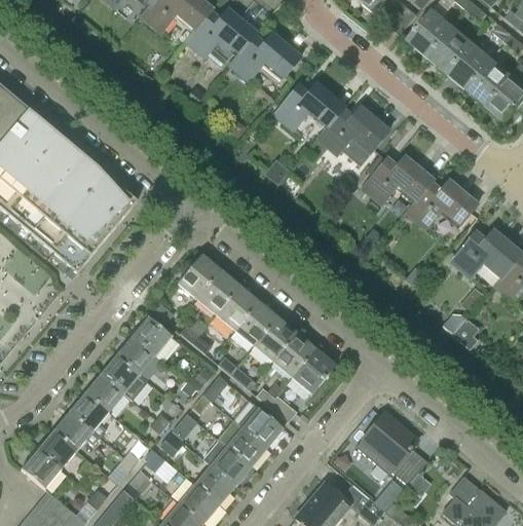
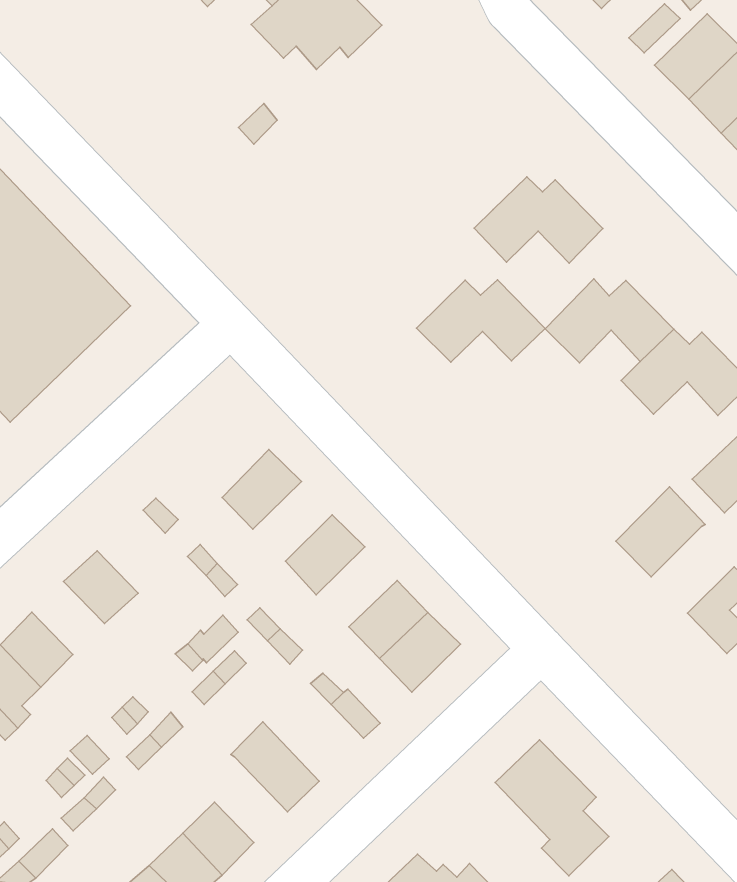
building: [230,34,301,82] -> none
building: [274,84,344,132] -> [416,280,545,362]
building: [178,254,220,299] -> none
building: none -> [616,487,705,577]
building: [216,286,258,330] -> none
building: [133,315,173,355] -> none
building: [254,317,297,362] -> none
building: [101,353,148,399] -> none
building: [232,404,283,447] -> none
building: [203,439,251,484] -> none

